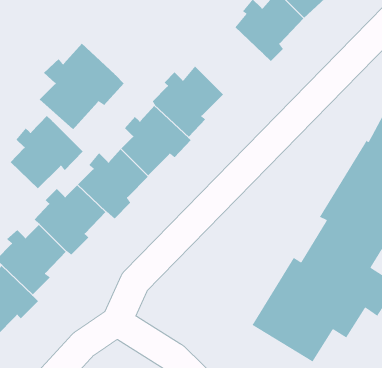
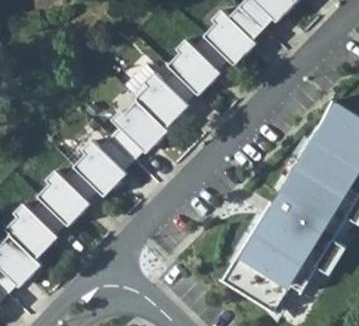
building: none -> [172,32,231,91]
building: [39,43,124,131] -> none
building: [10,115,83,189] -> none

